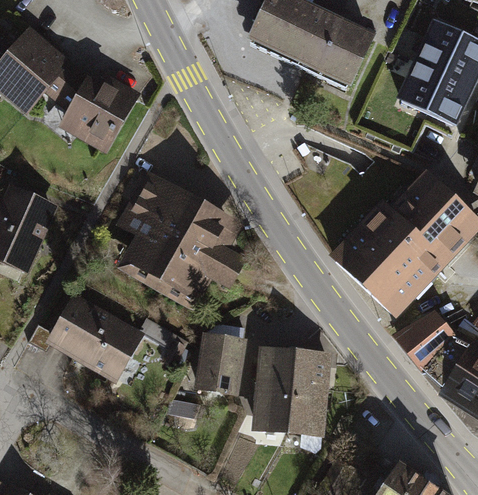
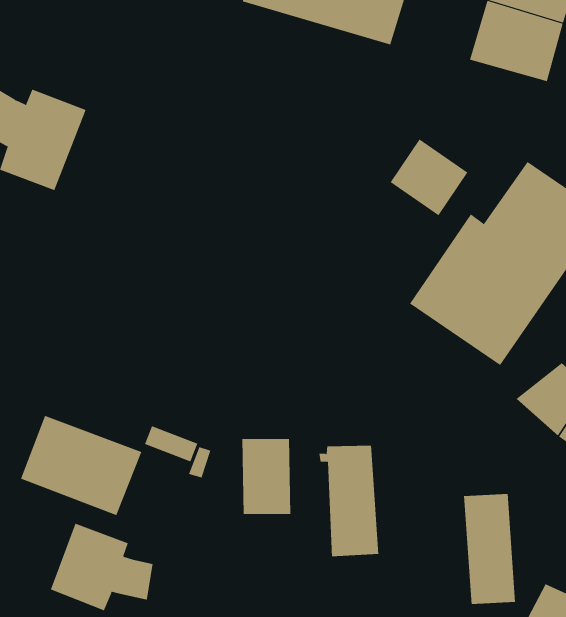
building: none -> [390,139,468,216]
building: [128,176,238,290] -> none
building: [288,353,325,431] -> [463,493,516,605]
building: none -> [50,523,153,611]

